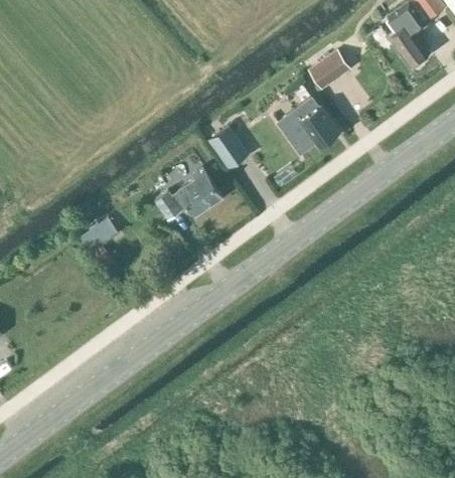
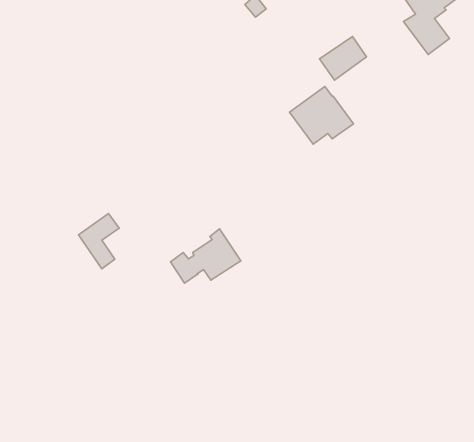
building: [215,133,255,173] -> none
building: [155,168,221,219] -> [170,229,241,283]

